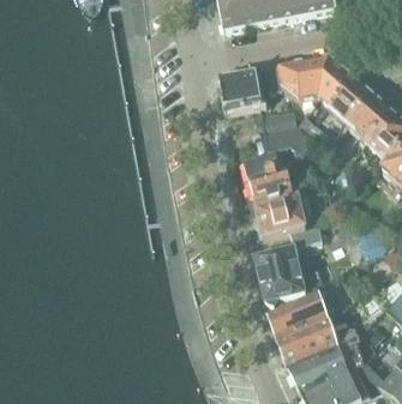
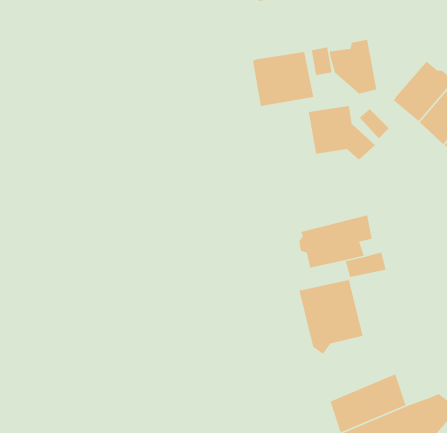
building: [308,54,354,102] -> none
building: [244,151,302,205] -> none
building: [268,289,330,339] -> none

